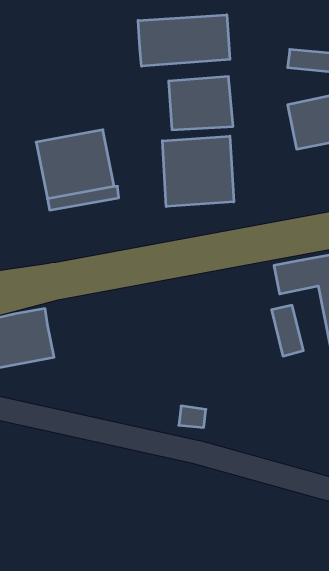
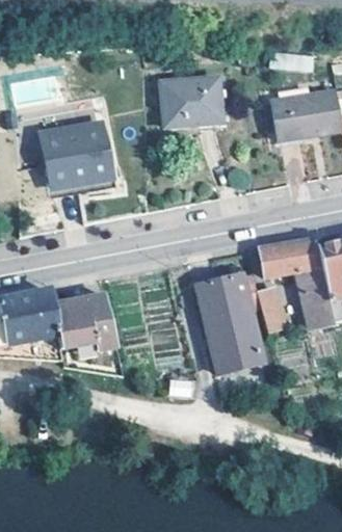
building: [138,15,230,66] -> none
building: [162,136,234,207] -> none
building: none -> [196,273,262,373]
building: none -> [51,293,116,348]

